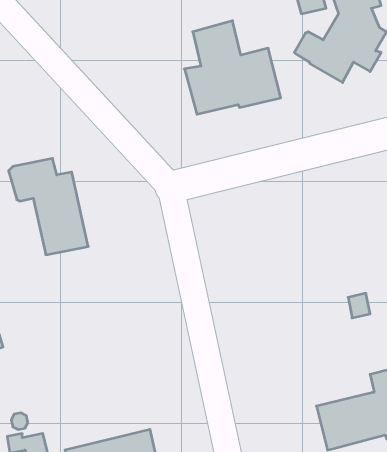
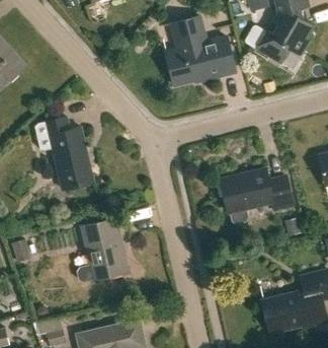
building: none -> [220,169,293,223]
building: none -> [77,218,129,282]

